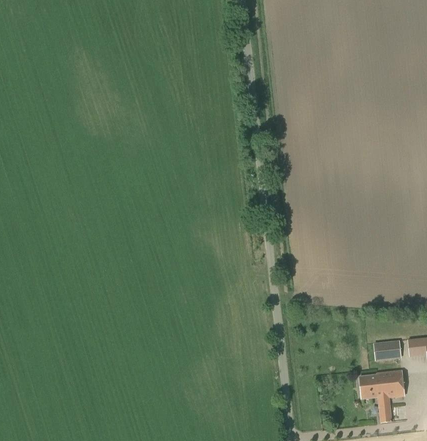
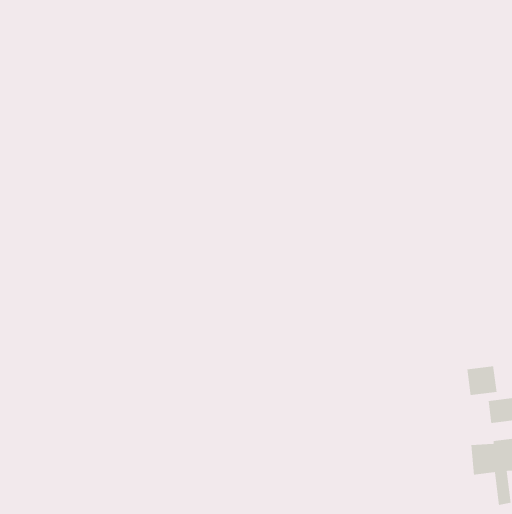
building: none -> [467,366,497,396]

